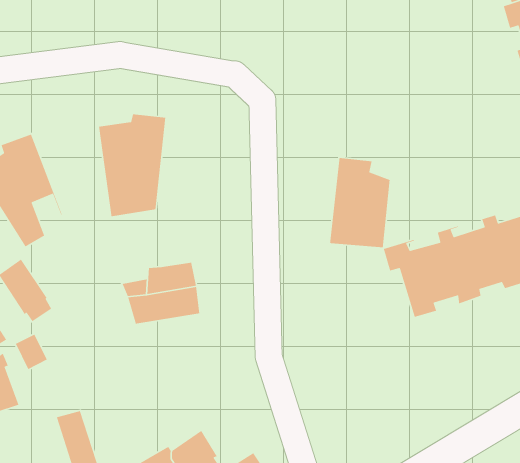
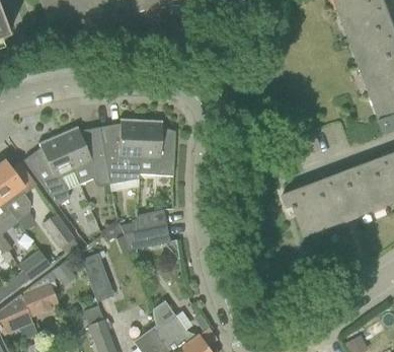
building: none -> [57,126,109,187]
building: [329,157,391,250] -> [138,119,174,178]
building: none -> [81,253,113,300]

